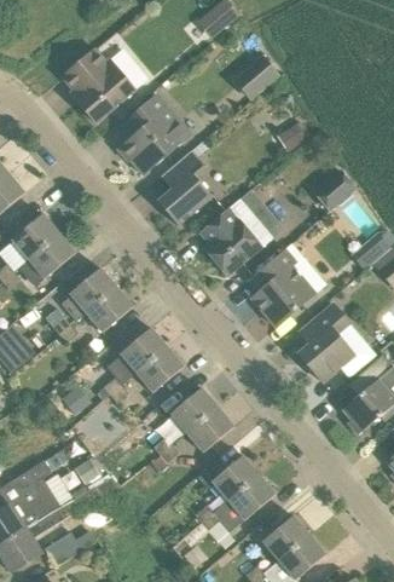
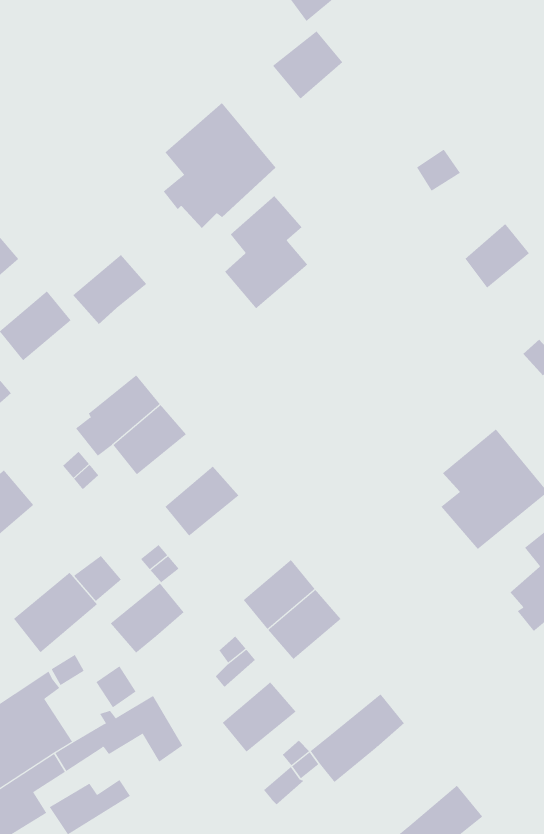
building: [62,48,134,122] -> none
building: [233,54,279,99] -> [272,31,343,100]
building: [199,189,283,276] -> none
building: [27,232,75,278] -> [73,254,147,325]
building: [249,244,326,325] -> none
building: [134,346,182,392] -> [110,582,184,653]
building: none -> [13,572,98,653]
building: [210,455,259,501] -> [222,682,296,753]
building: [261,514,308,560] -> none

